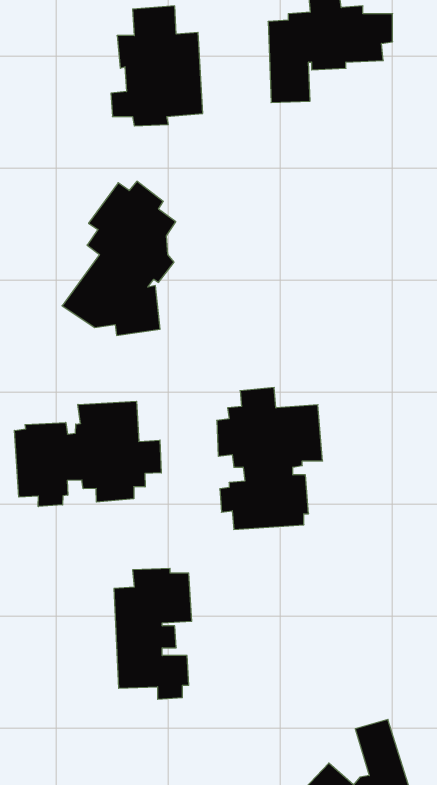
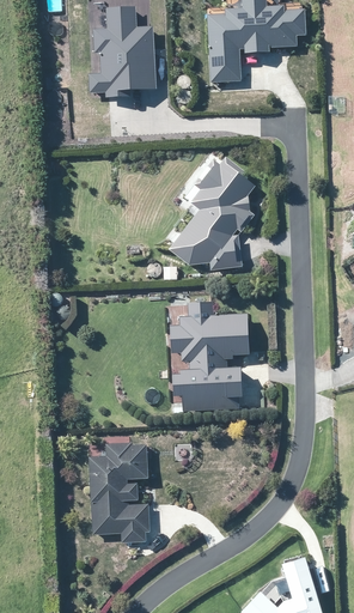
building: [62,181,176,335] -> [167,153,255,272]
building: [14,401,161,507] -> none

